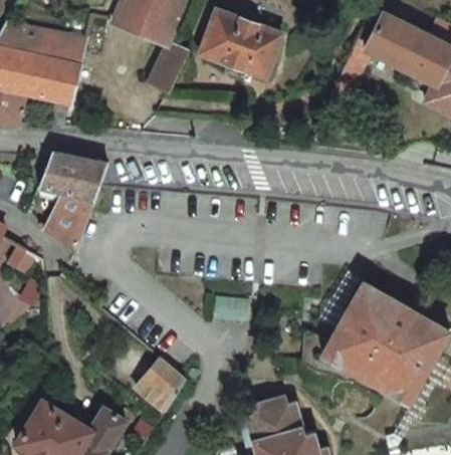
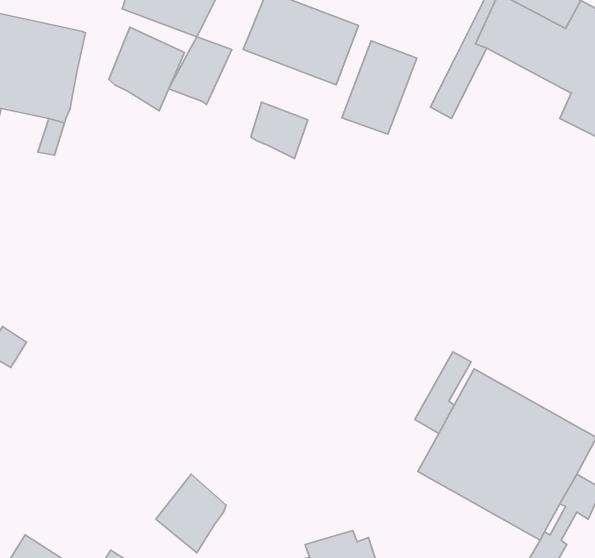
building: none -> [109,27,184,111]
building: none -> [342,41,417,134]
building: none -> [251,102,308,159]
building: [38,152,109,252] -> none

